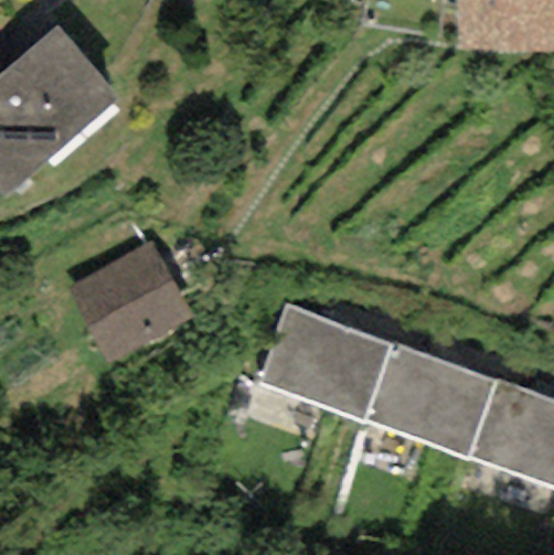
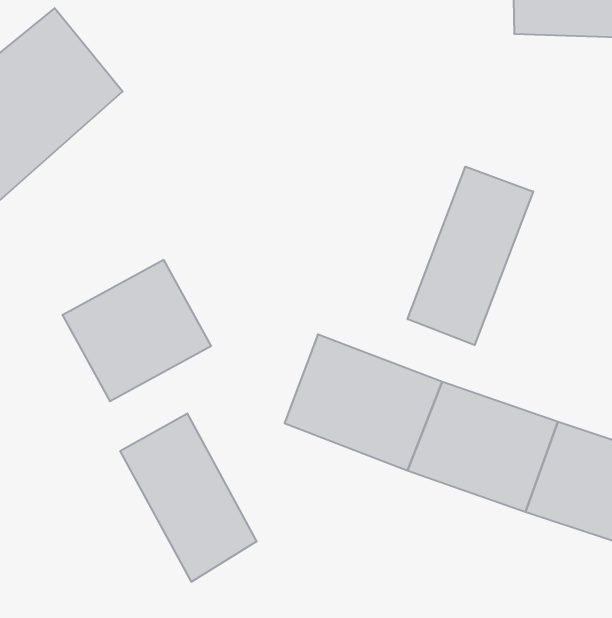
building: none -> [408,167,533,345]
building: none -> [120,413,257,582]

